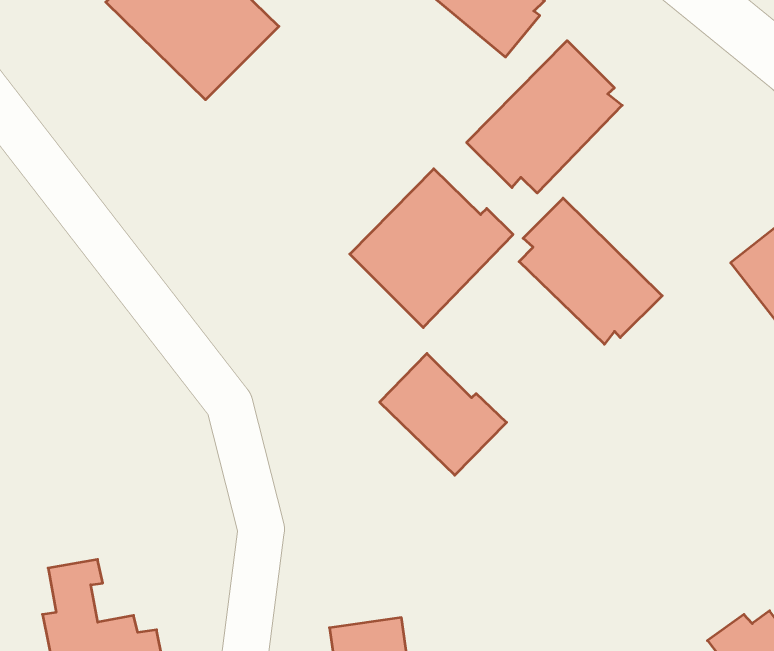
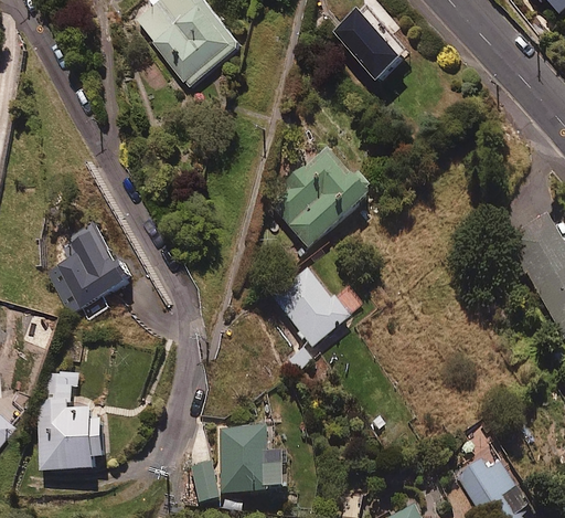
building: [467,41,622,193] -> none
building: [519,198,662,344] -> none
building: none -> [46,221,134,311]

